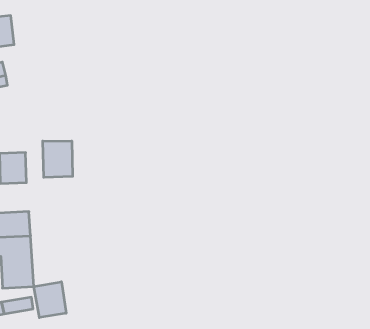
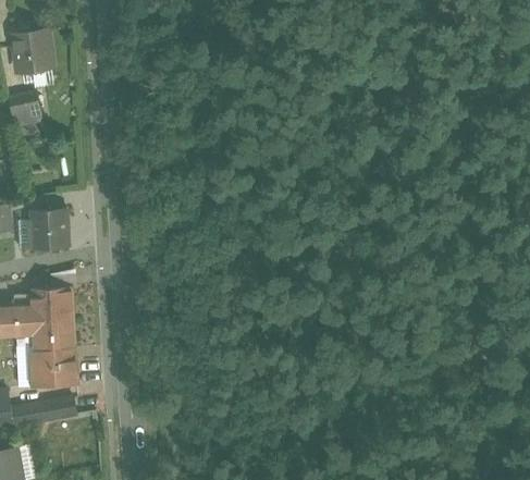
building: [43,141,73,177] -> none
building: [34,282,66,318] -> none

